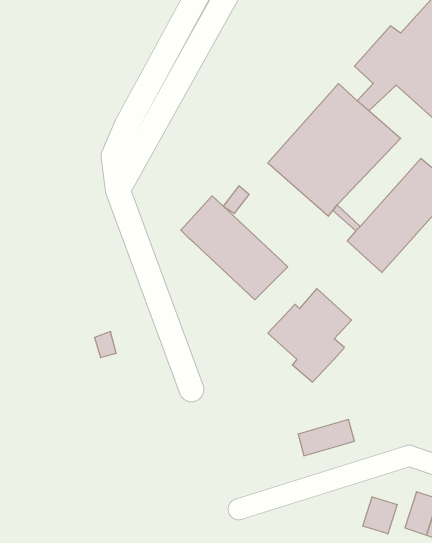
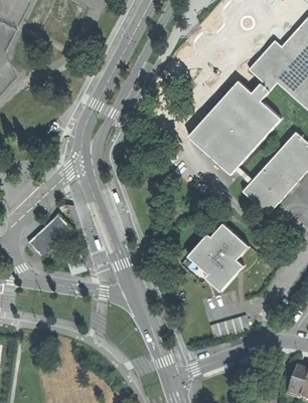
building: [181,196,288,300] -> none
building: none -> [27,214,72,258]
building: [363,497,397,534] -> none

